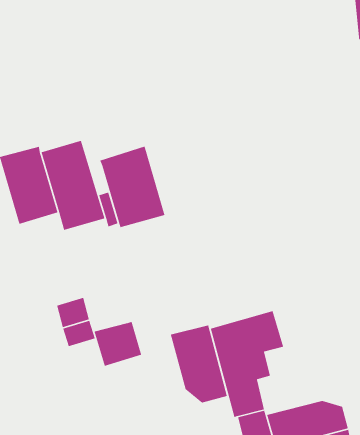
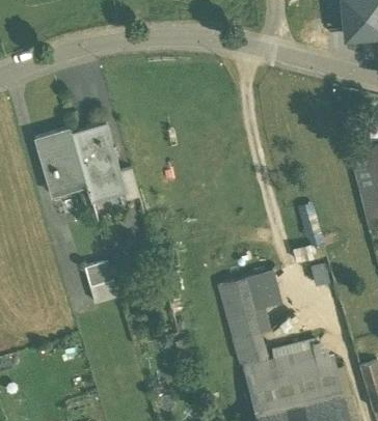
building: [99,145,165,228] -> none
building: [93,321,142,367] -> none
building: [170,325,228,403] -> none

